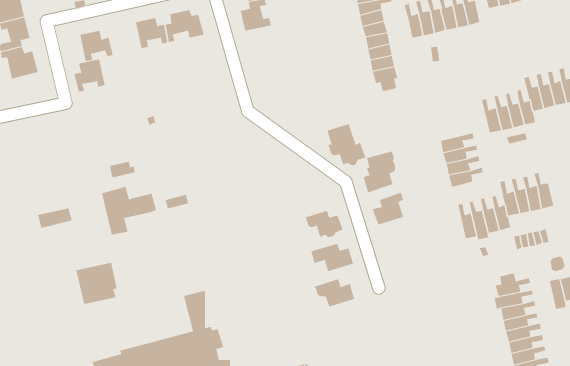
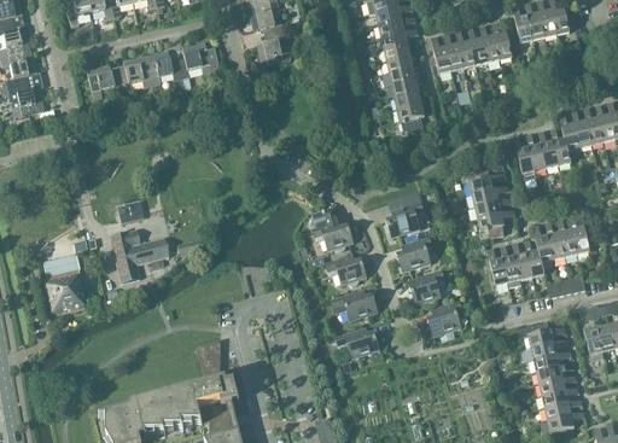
building: [74,59,106,92] -> [118,56,152,91]
building: [326,124,366,166] -> [311,205,354,250]
building: none -> [410,269,444,303]
building: none -> [428,301,462,336]
building: [76,262,118,304] -> [40,270,84,315]

